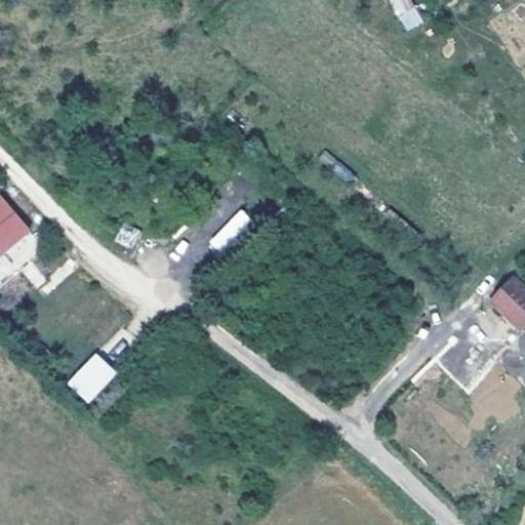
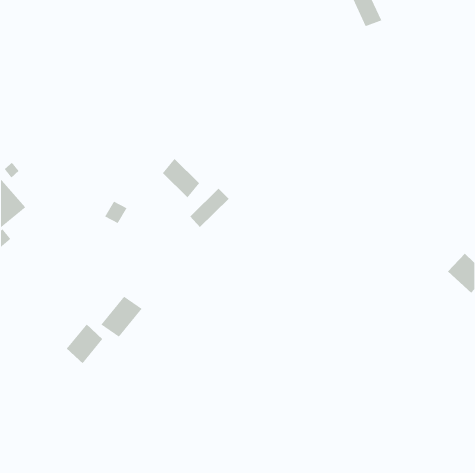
building: none -> [162,158,200,198]
building: none -> [100,296,142,337]

